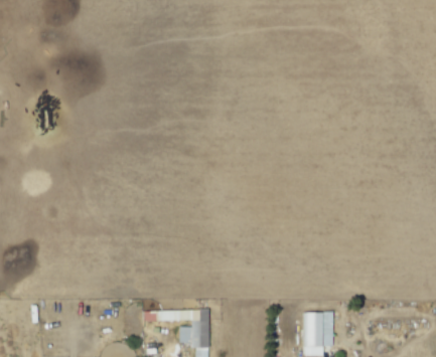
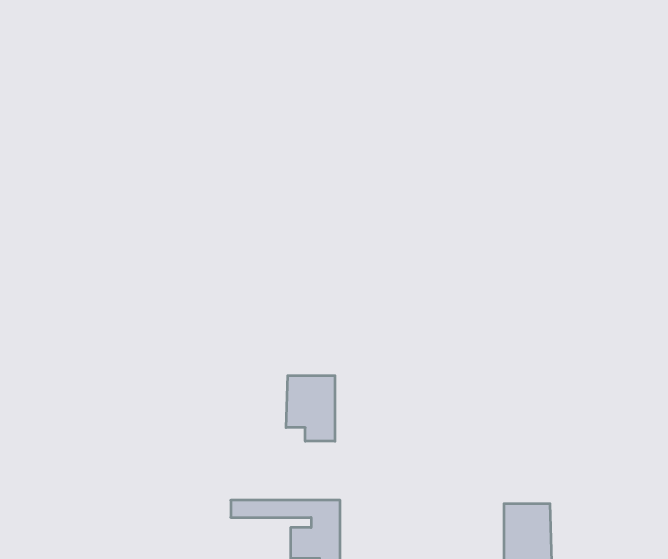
building: none -> [286,376,335,441]

